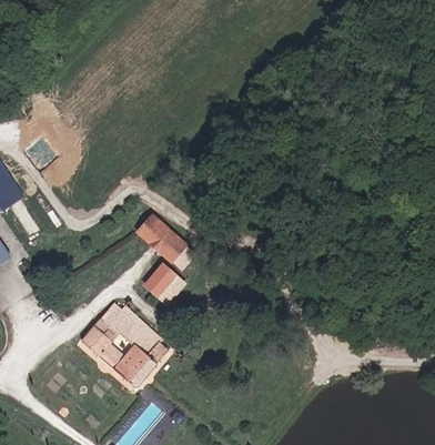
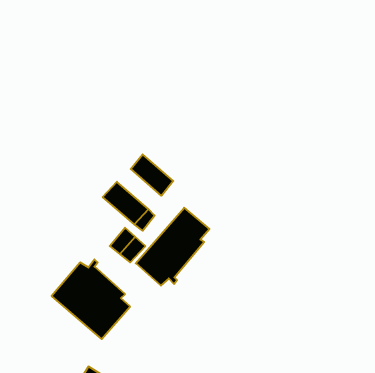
building: none -> [131,154,173,196]
building: none -> [136,208,209,286]

